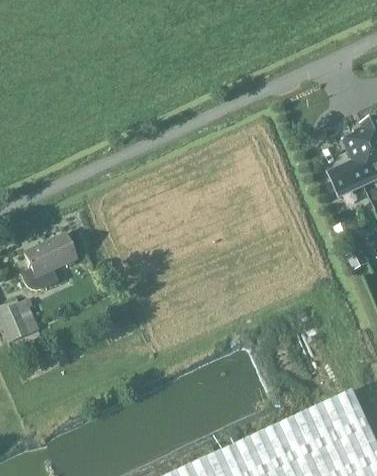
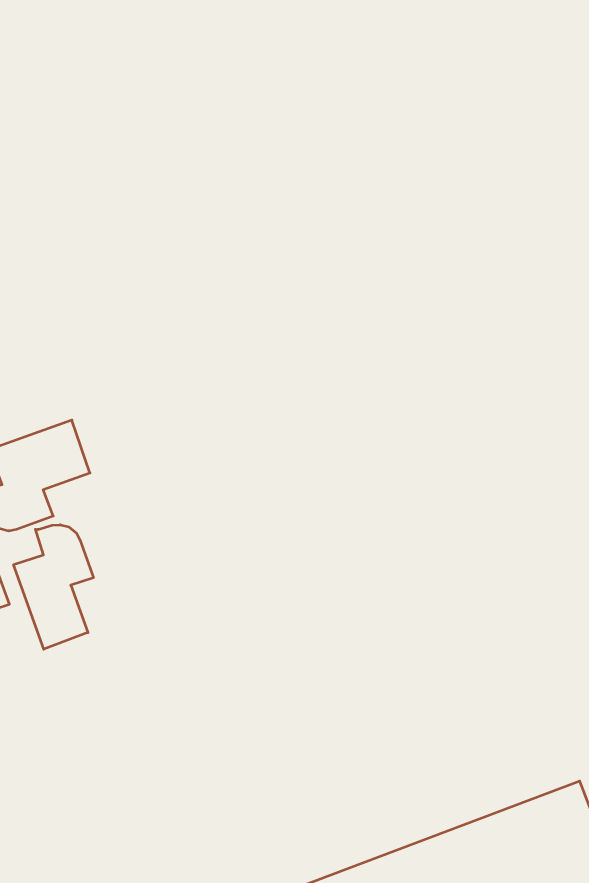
building: none -> [14,525,93,649]

